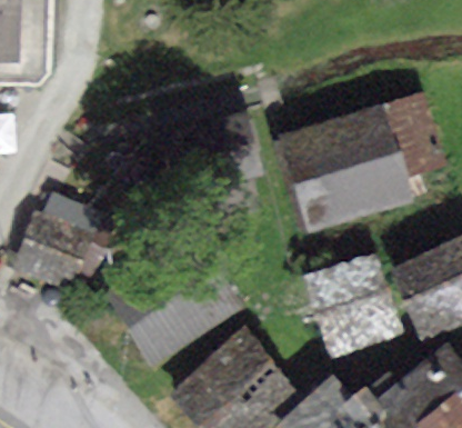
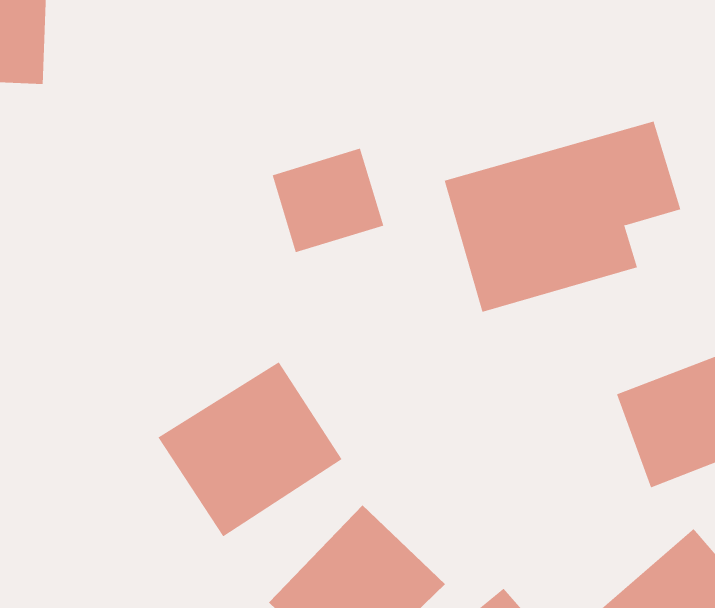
building: [23,193,109,281] -> none
building: [309,255,398,346] -> none

